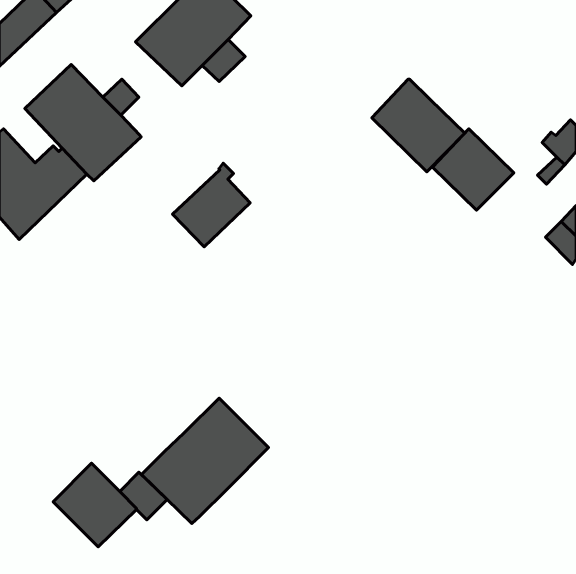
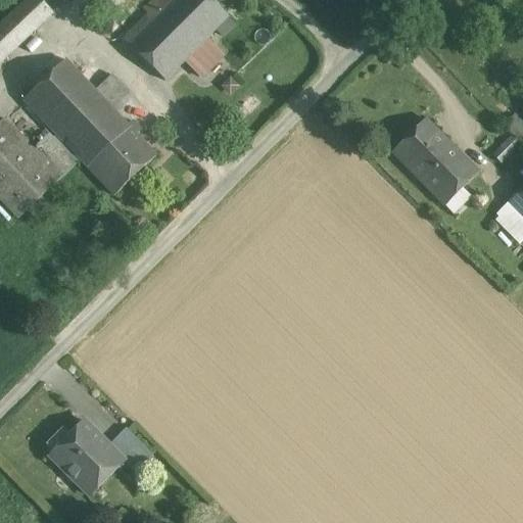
building: [372,79,465,172] -> none
building: [172,163,250,247] -> [85,117,155,193]
building: none -> [431,156,477,203]
building: [142,398,268,524] -> none

